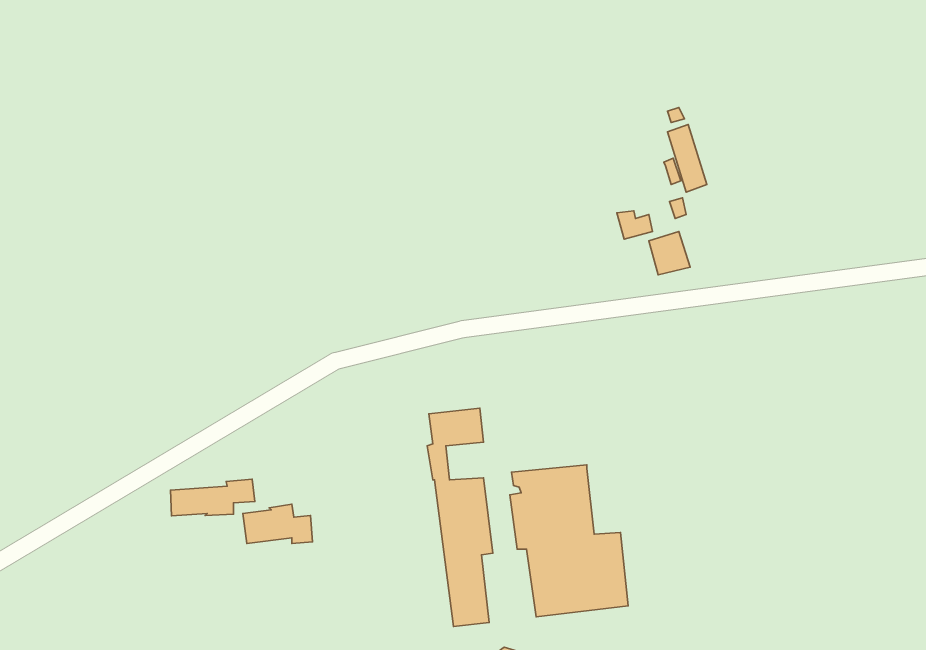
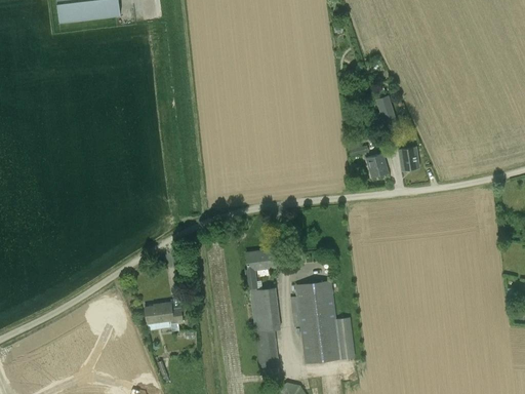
building: none -> [399,148,419,171]
building: [170,479,255,516] -> none

